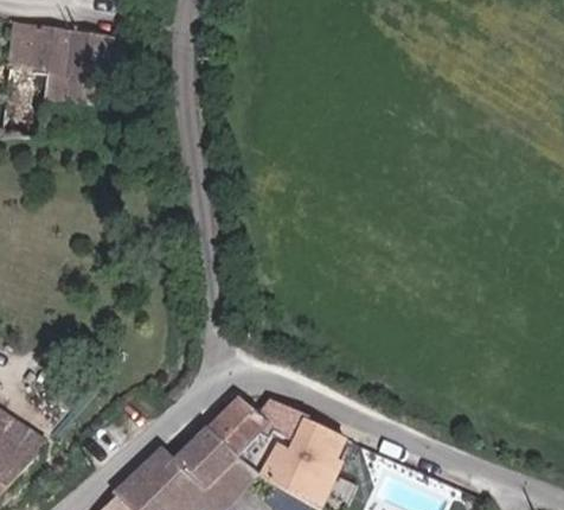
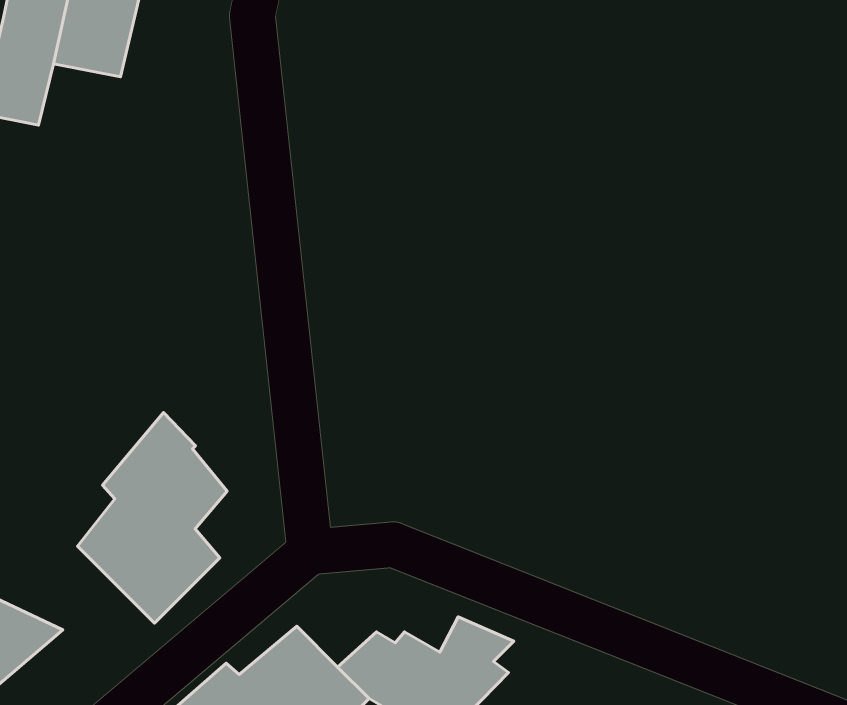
building: none -> [77,413,227,623]
building: [205,406,310,461] -> none

